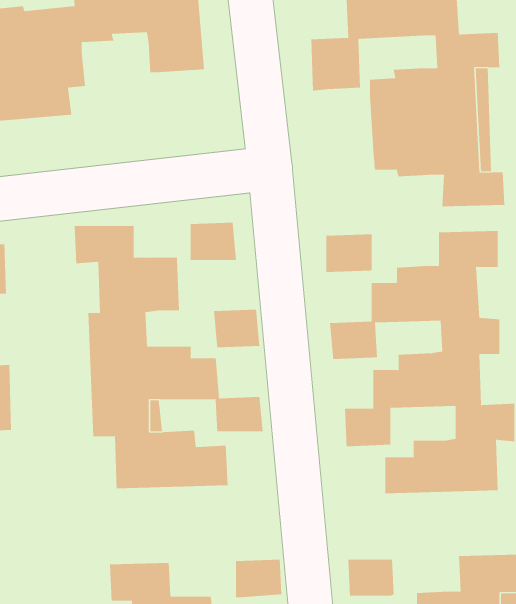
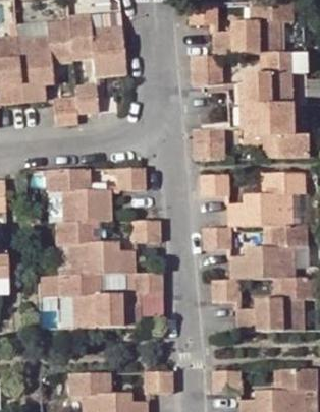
building: none -> [53,84,99,125]
building: none -> [193,129,224,161]

